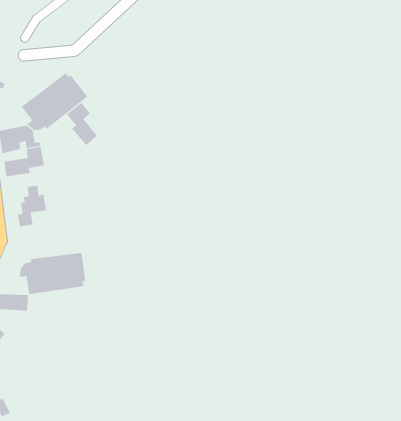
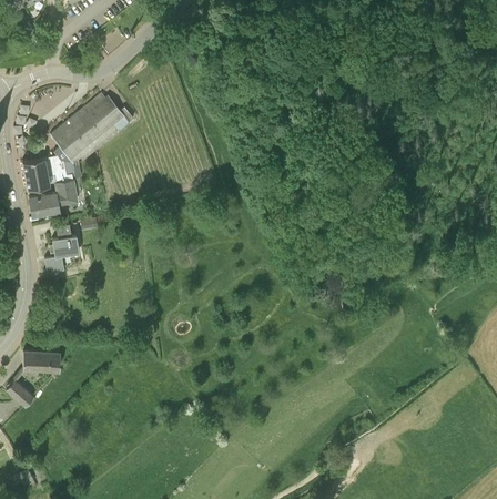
building: [66,102,98,146] -> none
building: [20,252,86,295] -> none

